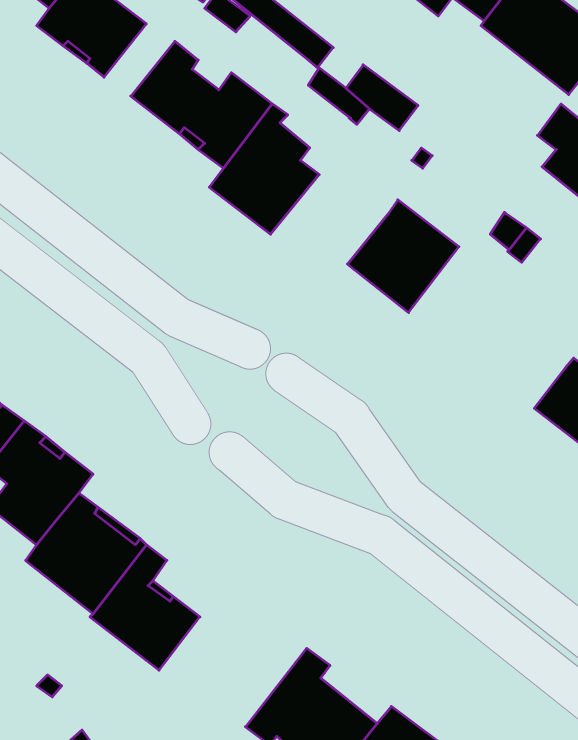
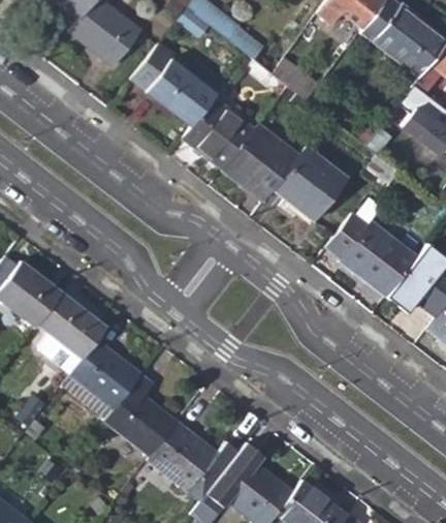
building: none -> [223,125,300,202]
building: none -> [327,215,417,297]
building: none -> [147,422,240,496]

